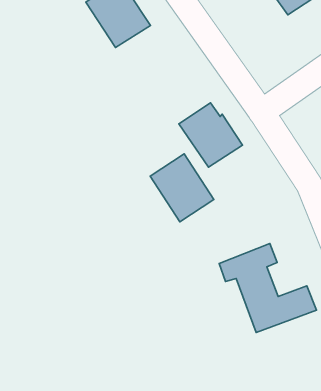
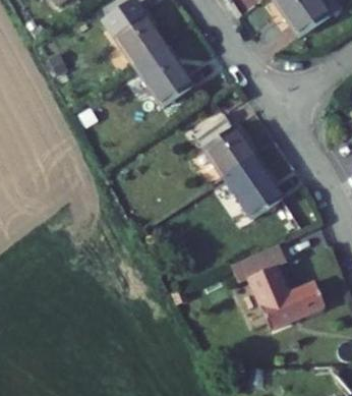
building: none -> [132,38,193,103]
building: [150,154,214,222] -> [222,153,283,218]

